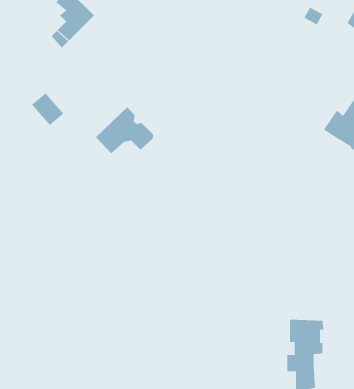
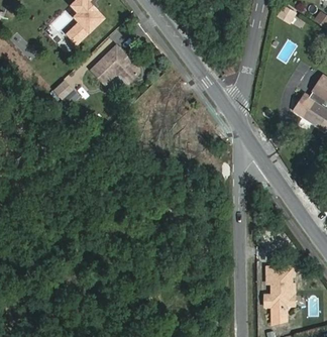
building: [95,106,154,154] -> [93,46,141,86]

